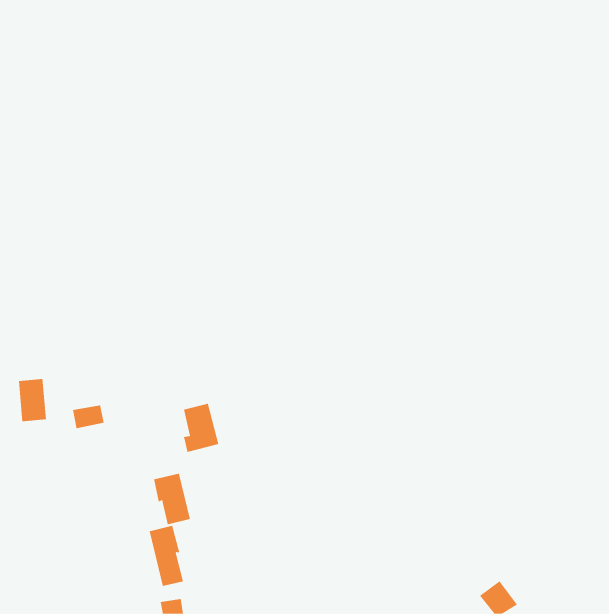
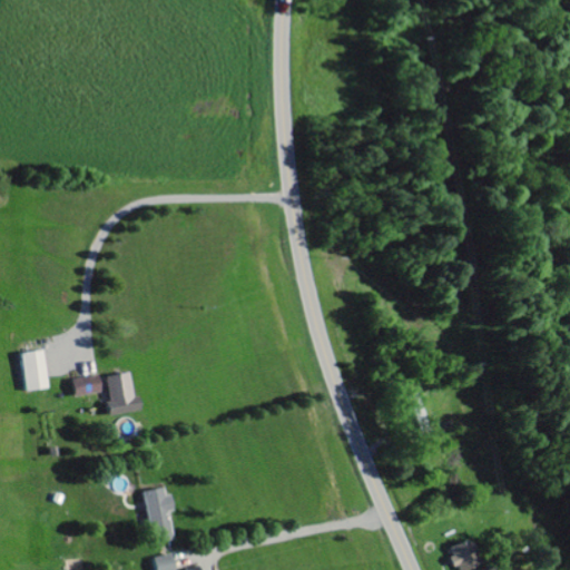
building: [183,403,219,453] -> [105,372,138,417]
building: [153,473,190,525] -> none

